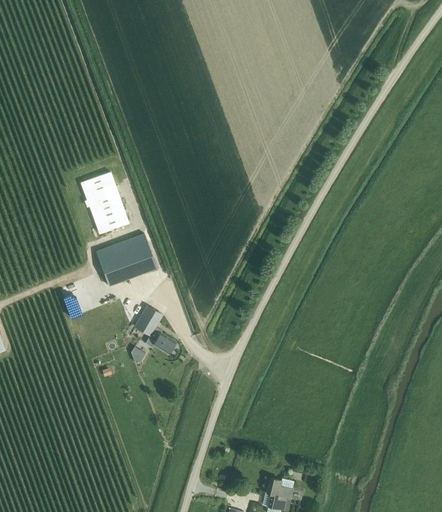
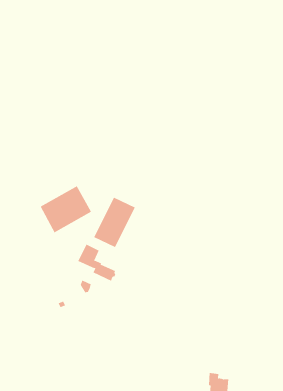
building: [80,171,129,234] -> none
building: none -> [93,197,136,248]

